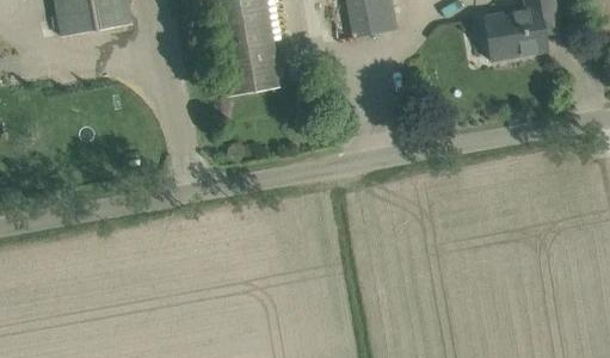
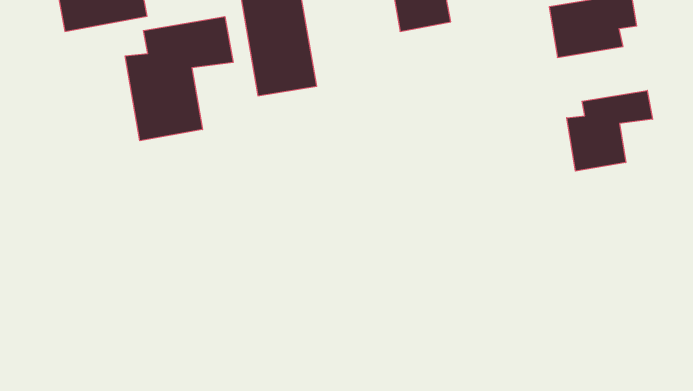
building: none -> [125,17,233,141]
building: none -> [567,90,653,171]

